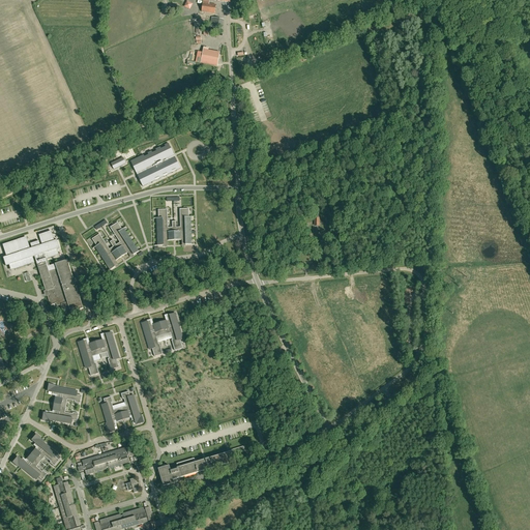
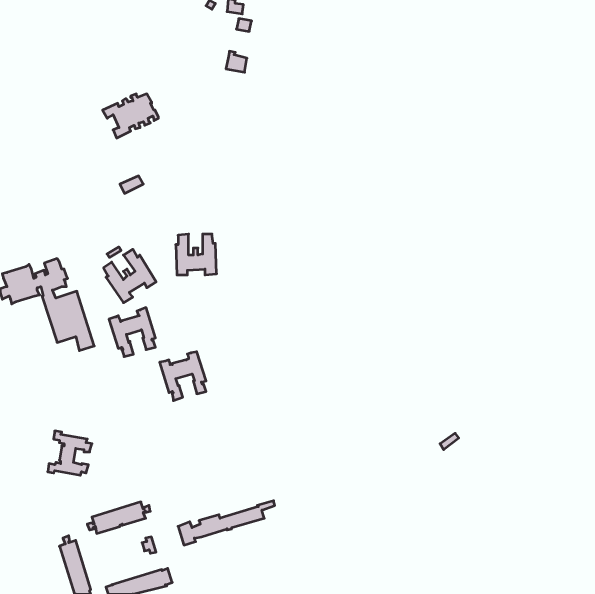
building: [130,146,180,185] -> [103,94,158,138]
building: [78,331,119,375] -> [109,308,155,357]
building: [101,390,144,432] -> none
building: [12,433,59,479] -> none

